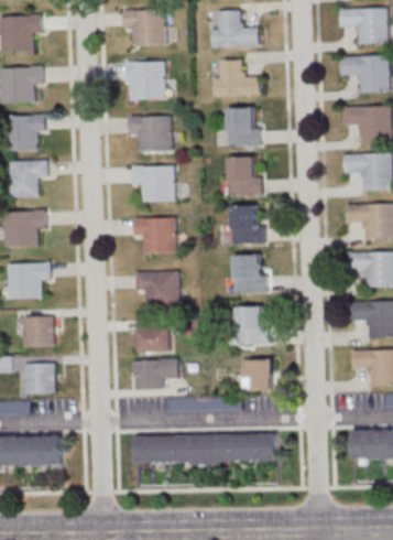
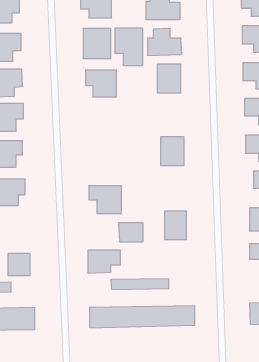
building: none -> [115,28,142,66]
building: [229,156,260,195] -> none
building: [133,165,175,202] -> none
building: [133,217,176,253] -> none
building: [234,256,264,293] -> none
building: [23,316,52,347] -> none
building: [134,327,167,353] -> [119,223,143,242]
building: [242,359,271,391] -> none

